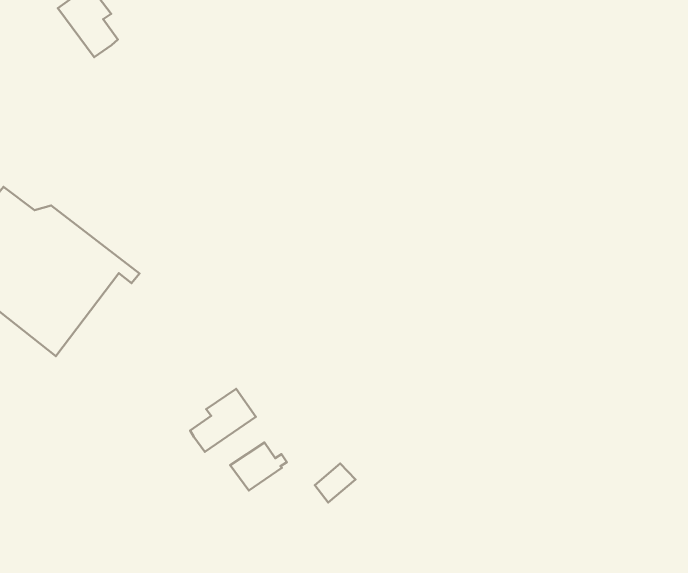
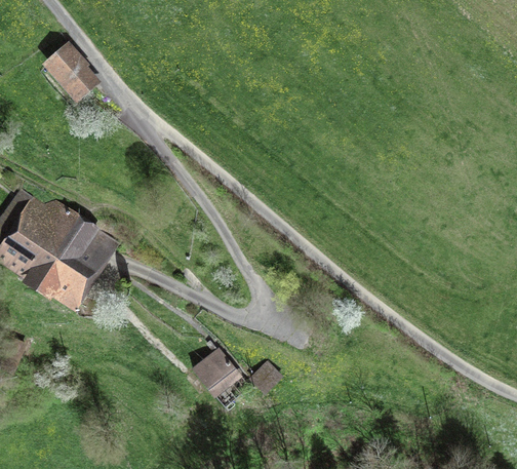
building: [190,389,256,452] -> none

